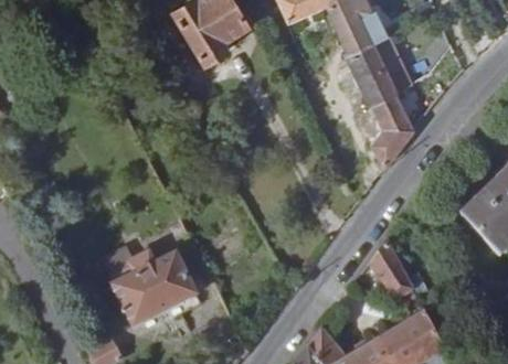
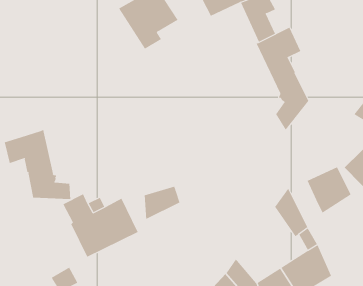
building: none -> [4,129,71,200]
building: none -> [307,166,351,213]
building: none -> [144,186,180,220]

